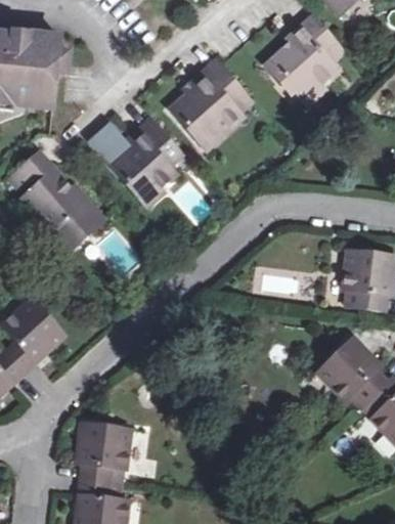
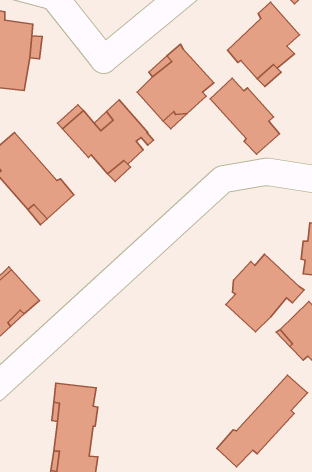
building: none -> [210,78,280,154]
building: none -> [226,254,304,332]
building: none -> [217,375,308,467]

